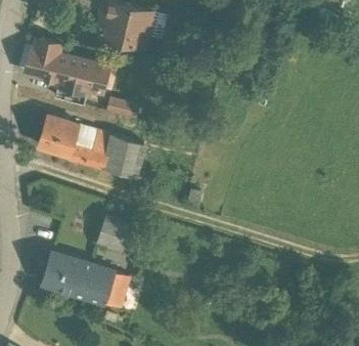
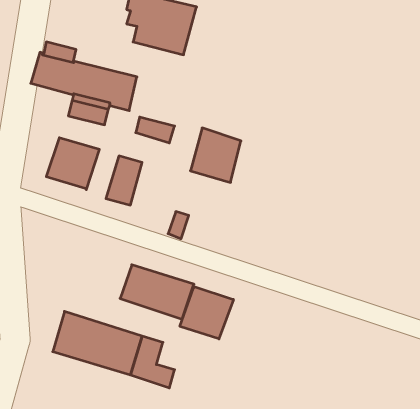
building: [68,124,95,163] -> none
building: [104,134,144,177] -> [190,128,241,182]
building: none -> [180,286,233,339]

